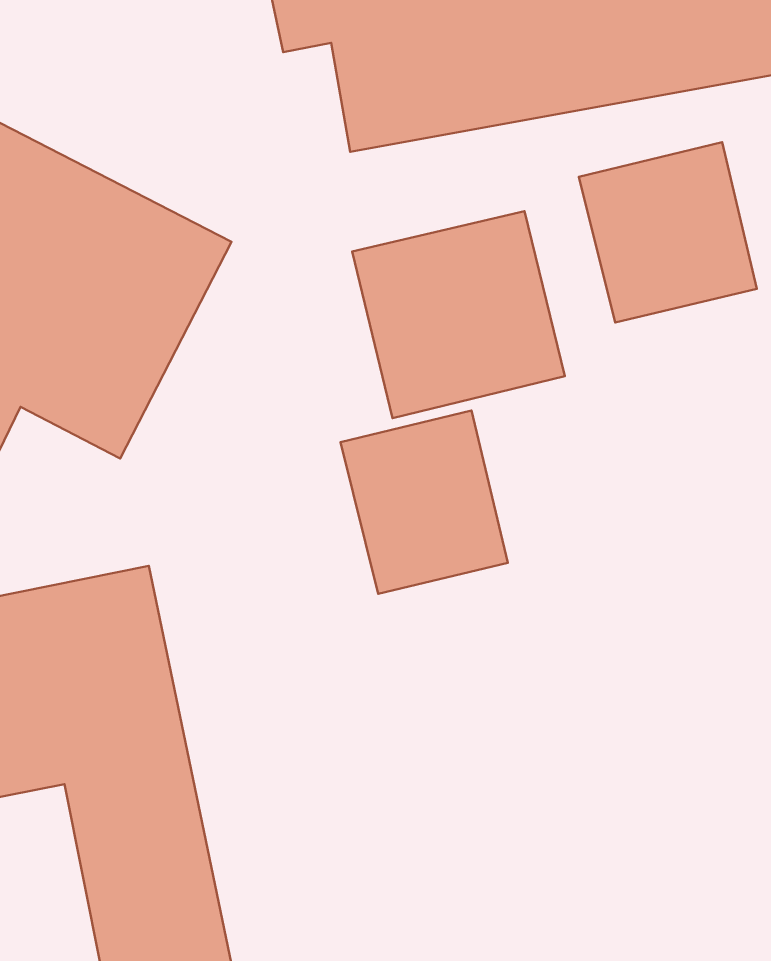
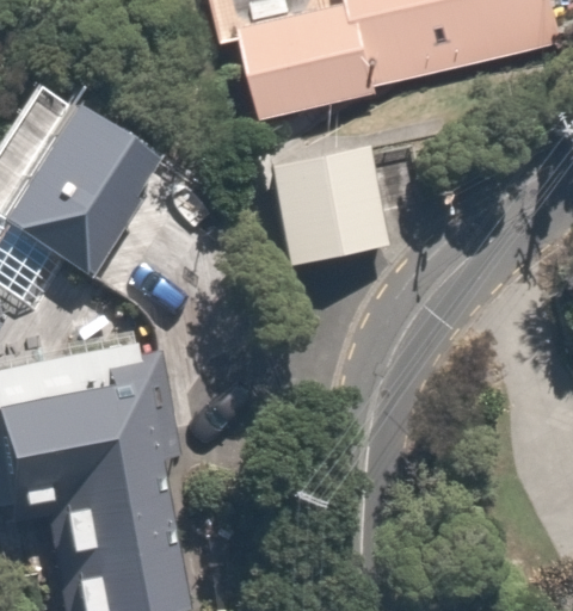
building: [579,142,757,323] -> none
building: [341,410,508,594] -> none

